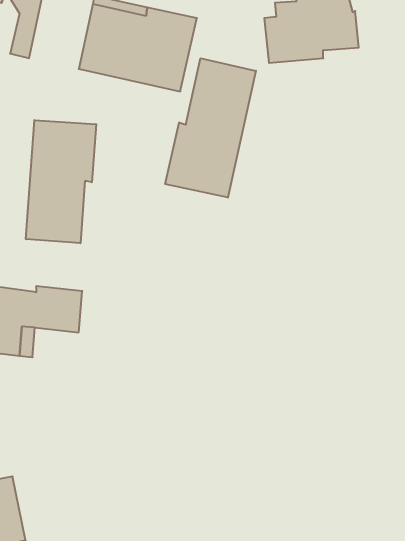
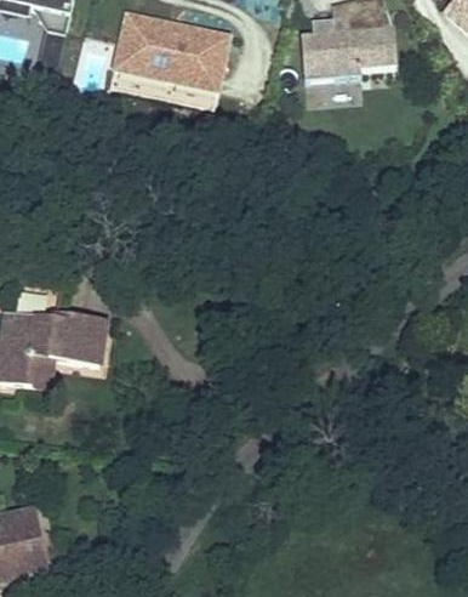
building: [165,58,256,198] -> none
building: [26,120,96,243] -> none

